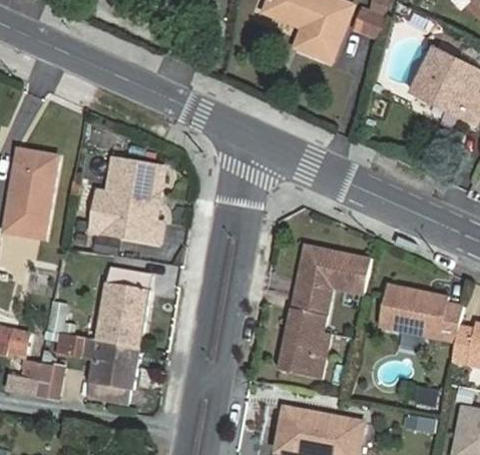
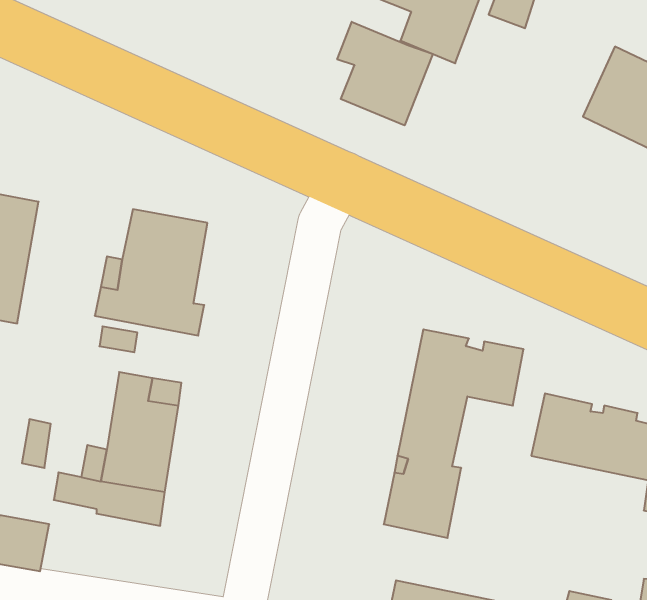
building: none -> [337,22,433,125]
building: [86,361,134,404] -> none

